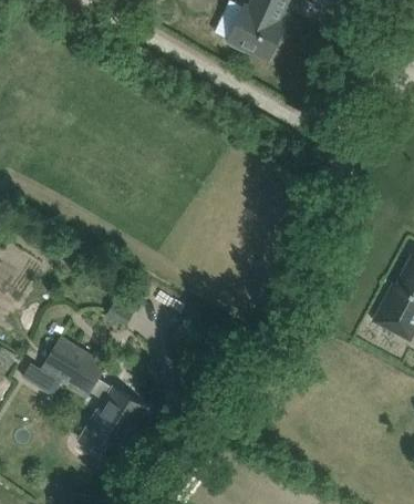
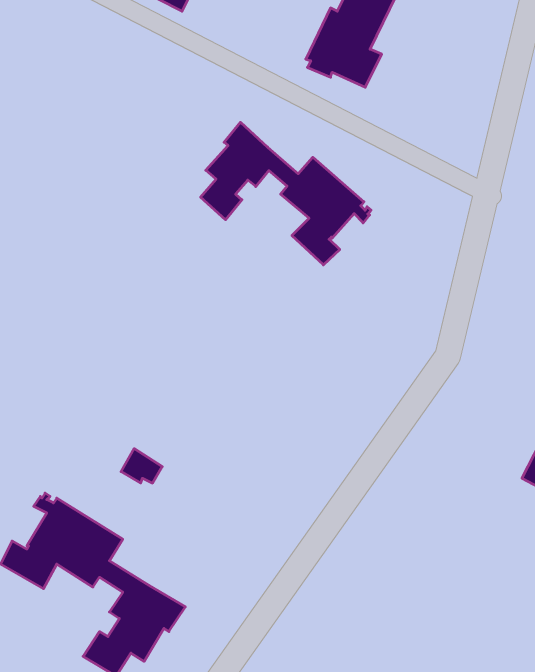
building: none -> [201,122,371,265]

